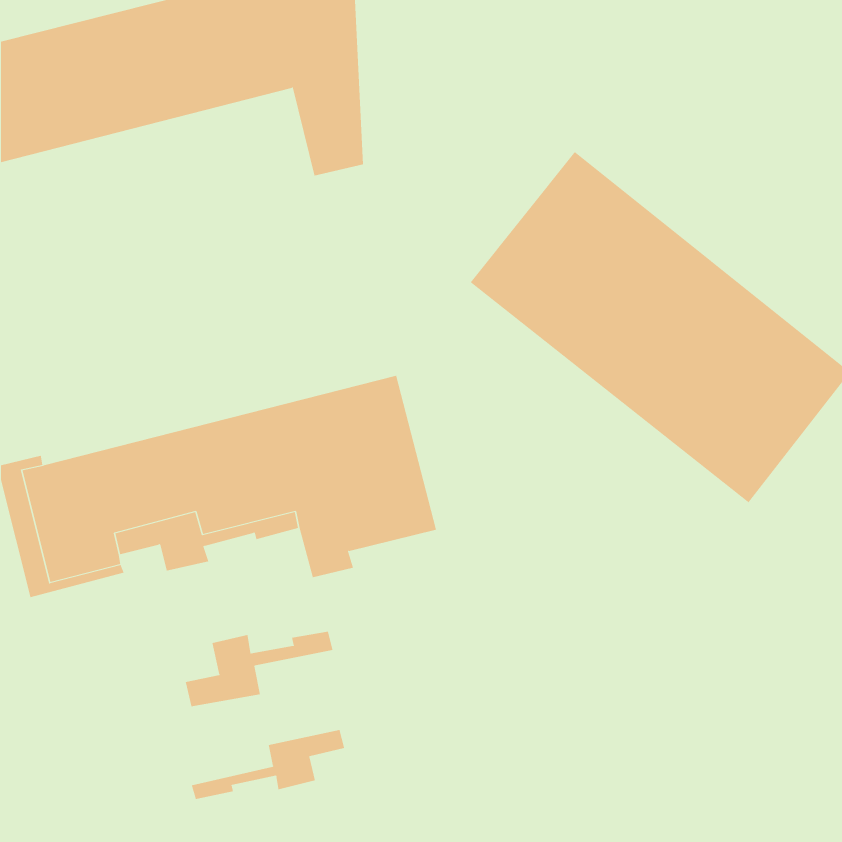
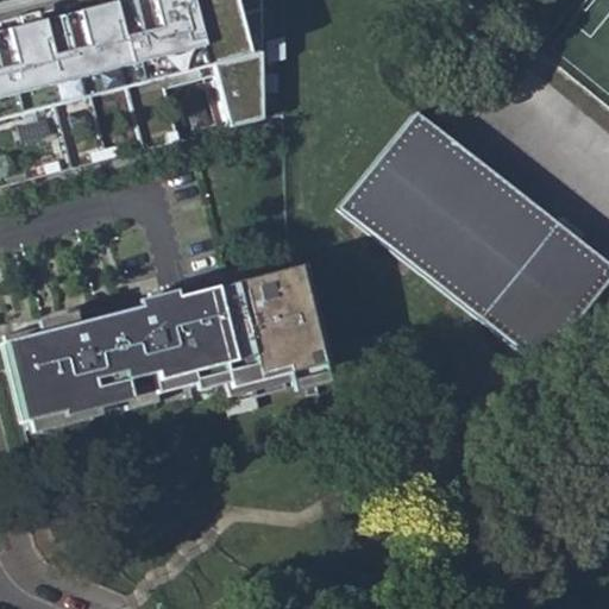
building: [185,631,333,707] -> none
building: [191,729,345,800] -> none

